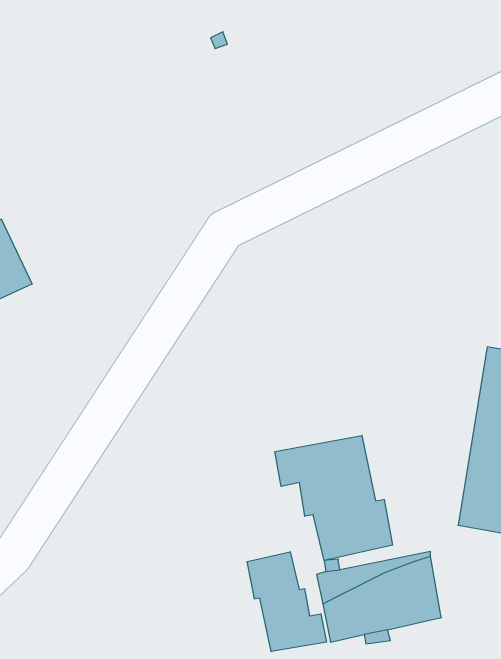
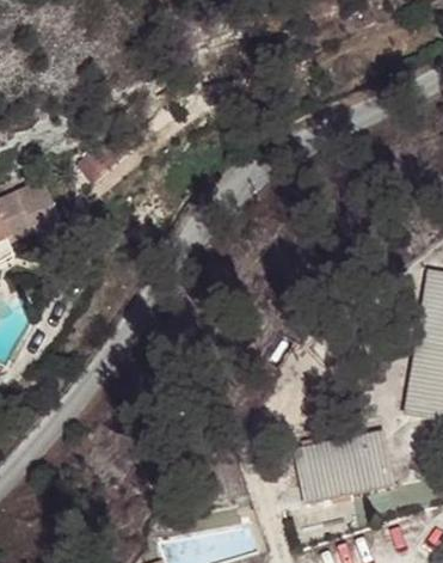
building: [275,435,393,561] -> none
building: [247,552,326,652] -> none

